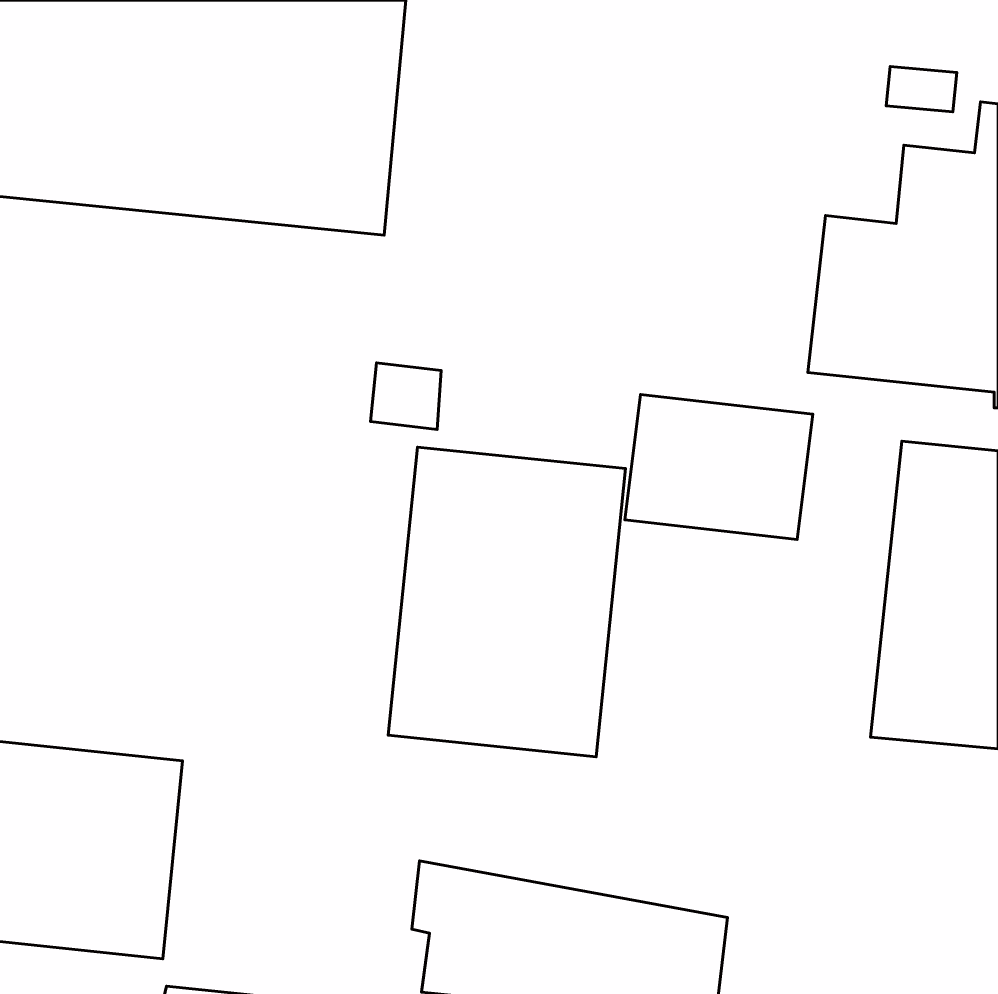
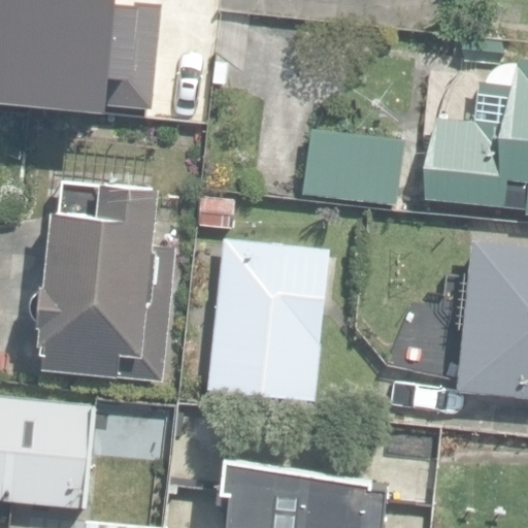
building: none -> [35,183,173,381]
building: [625,394,813,540] -> [305,129,404,205]

